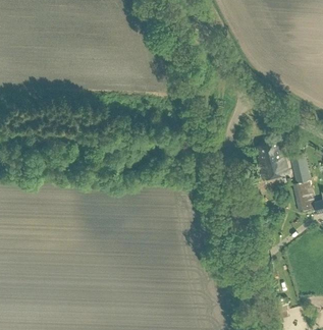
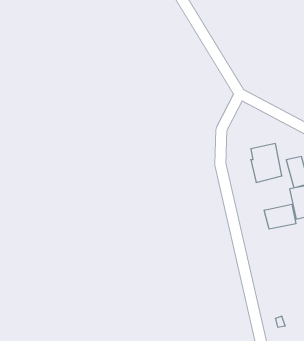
building: none -> [264,204,296,229]

